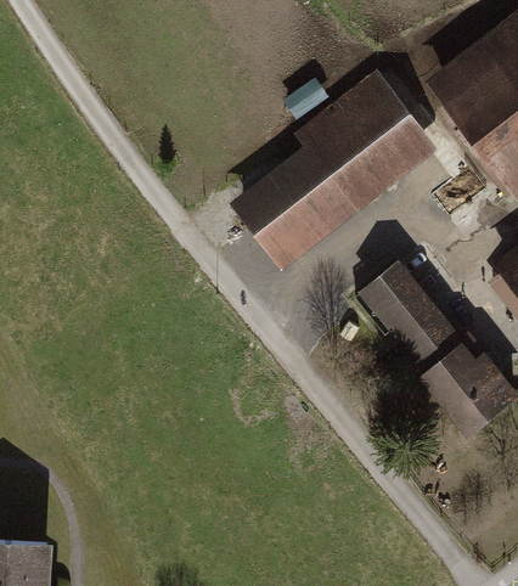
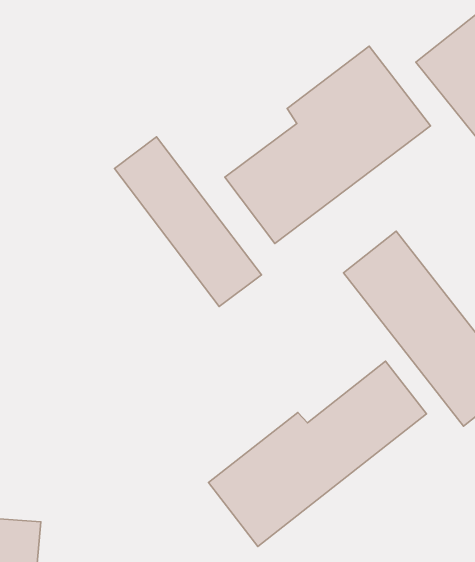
building: none -> [115,137,261,306]
building: none -> [209,361,427,546]

